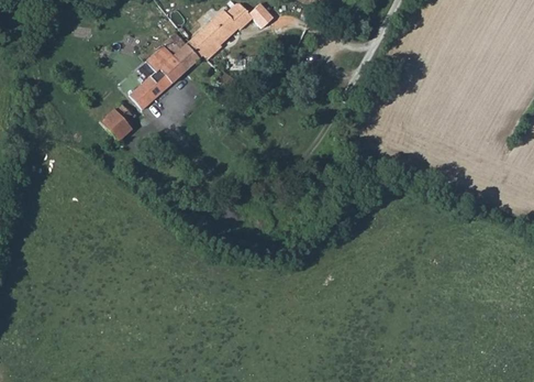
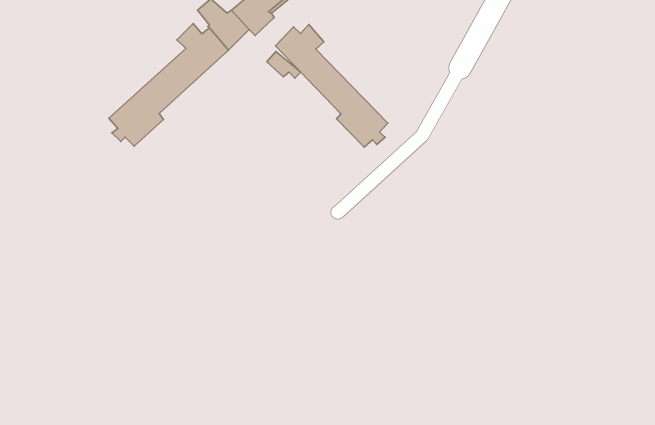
building: none -> [276,25,388,147]

